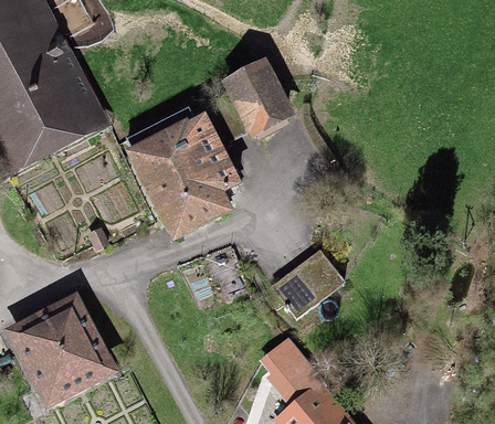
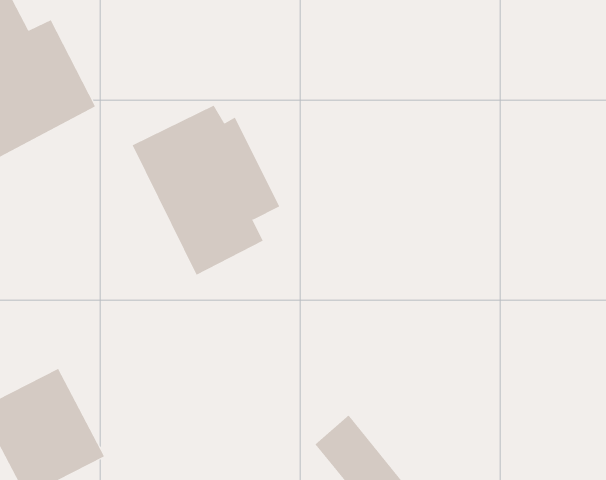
building: [227,66,287,132] -> none
building: [271,255,345,320] -> none

